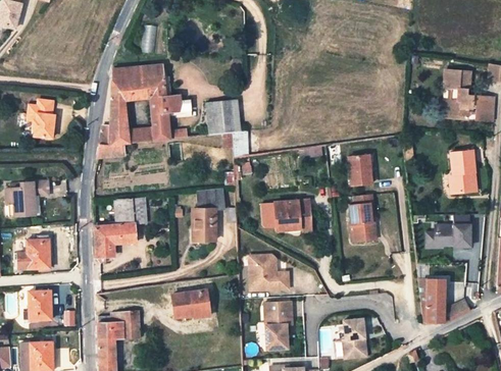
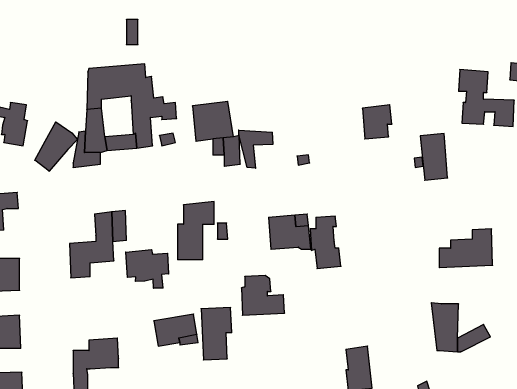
building: none -> [35,122,77,171]
building: none -> [239,130,273,168]
building: [451,152,475,194] -> [420,134,448,180]
building: [348,155,374,186] -> [362,105,392,139]
building: [349,195,377,242] -> [310,216,341,269]
building: none -> [126,250,169,288]
building: [263,302,291,349] -> [201,308,232,360]

